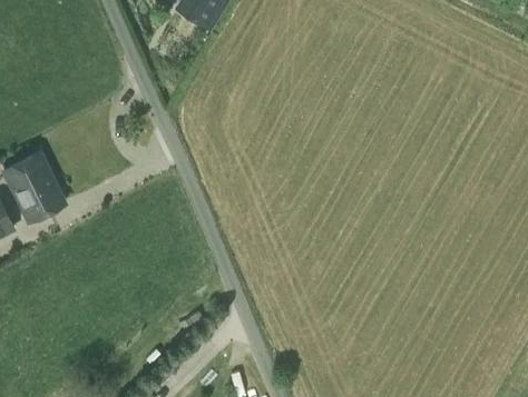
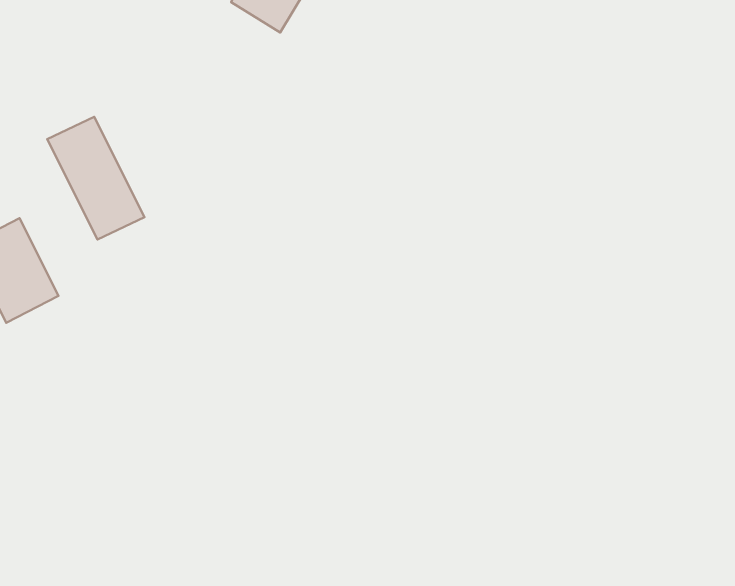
building: none -> [47,117,145,240]

